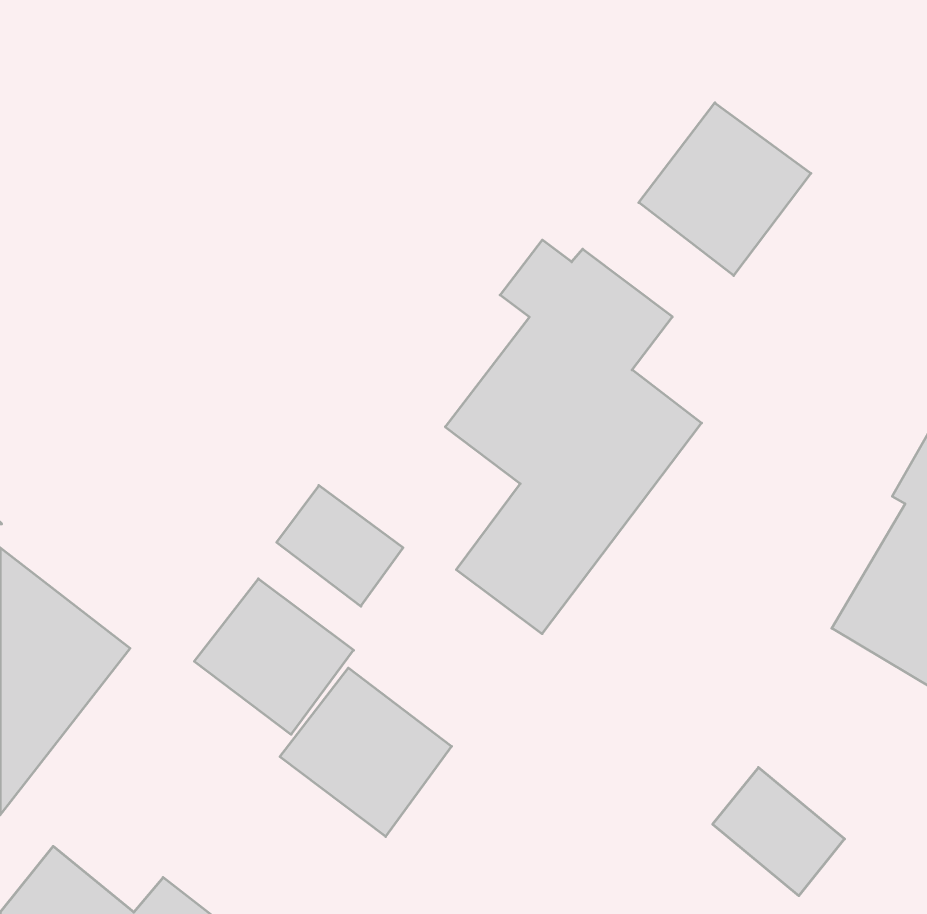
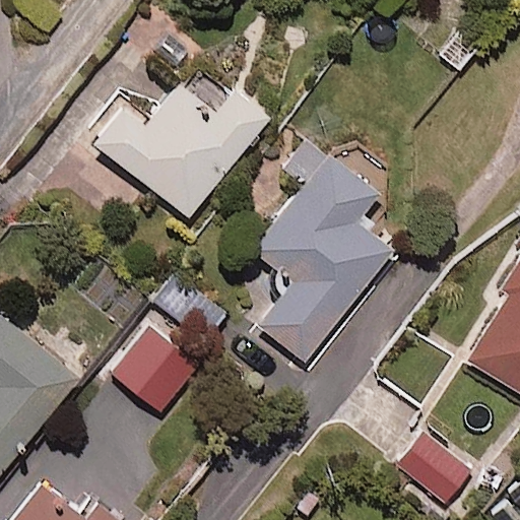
building: none -> [93,58,268,217]
building: [639,103,811,276] -> none
building: [280,668,452,837] -> none

